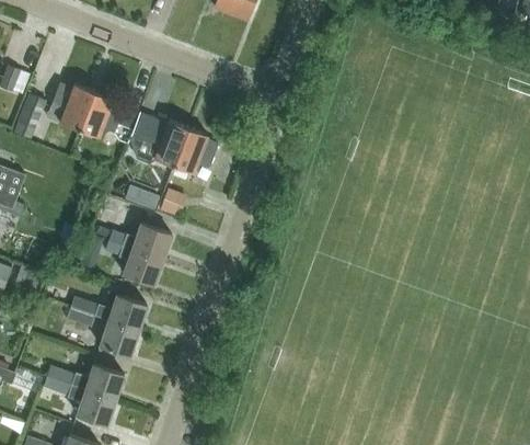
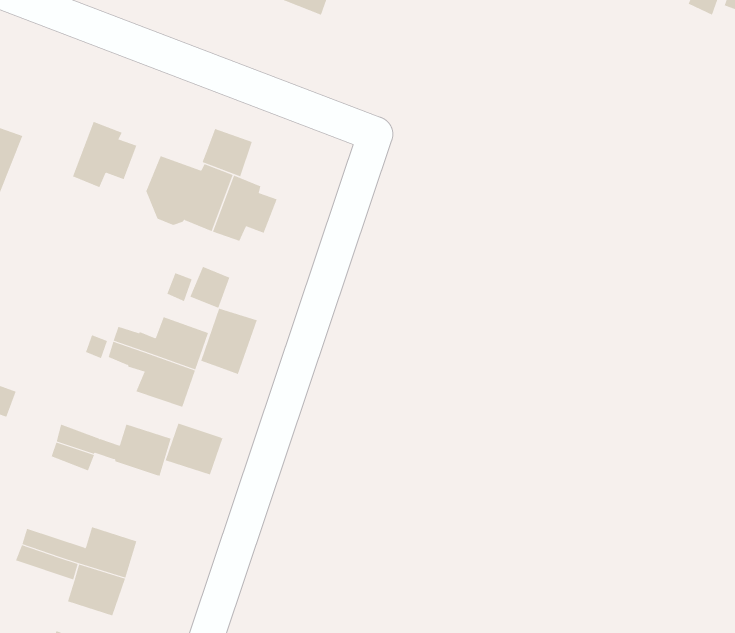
building: [51,83,94,128] -> none
building: none -> [202,128,252,177]
building: none -> [201,308,258,375]
building: [100,320,139,355] -> [165,423,223,475]

